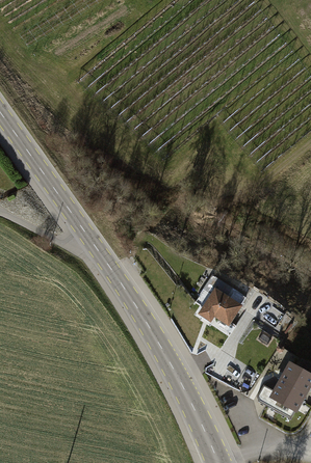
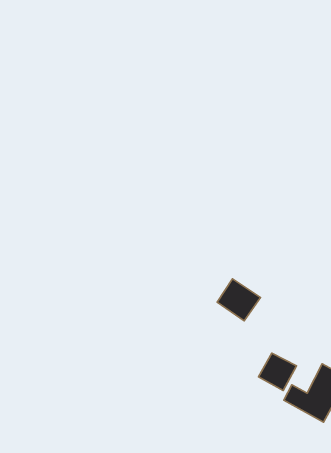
building: none -> [259,353,296,391]

